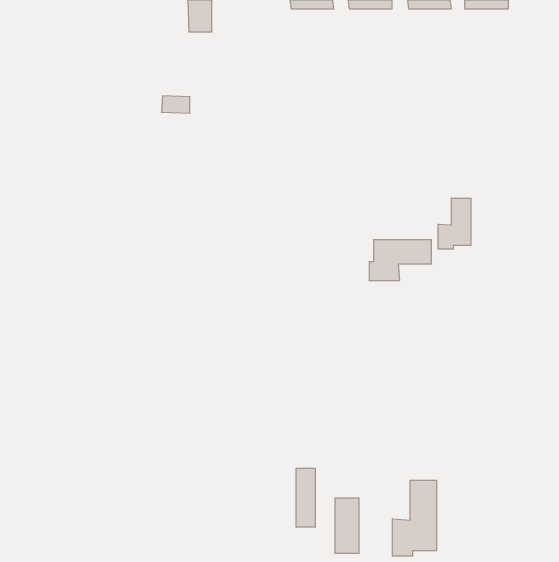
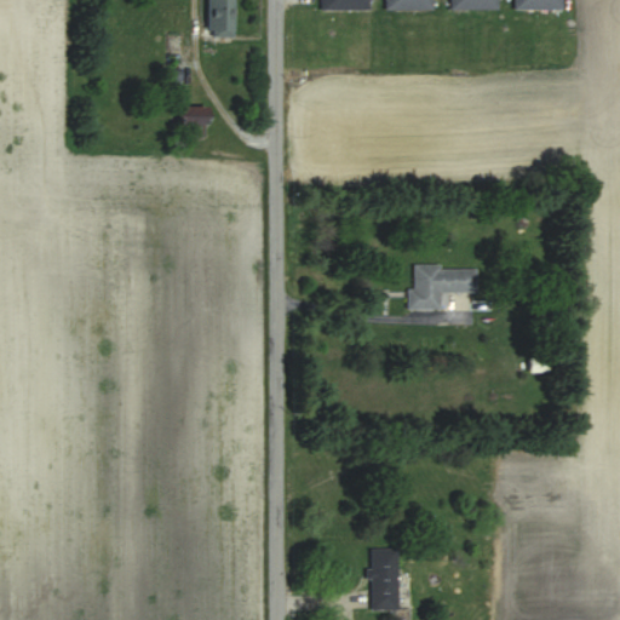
building: [438,198,471,249] -> none
building: [296,468,315,527] -> none
building: [392,480,436,556] -> none

